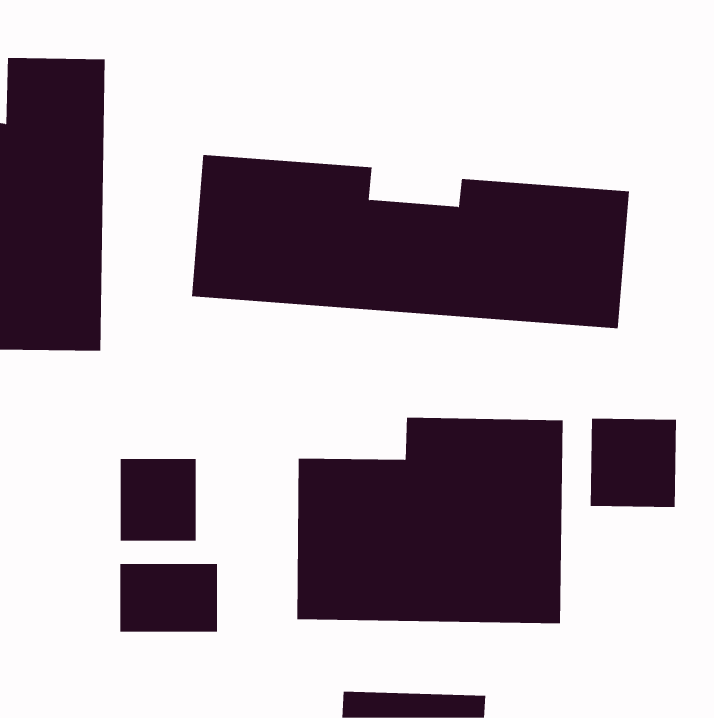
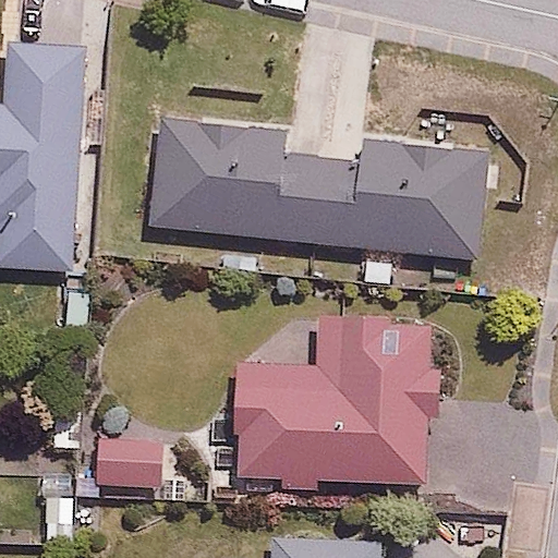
building: [590,418,677,508] -> none
building: [120,458,196,541] -> none

